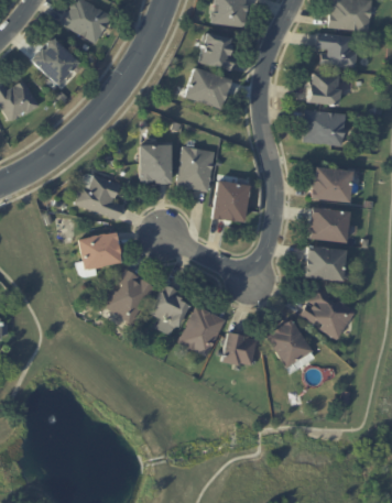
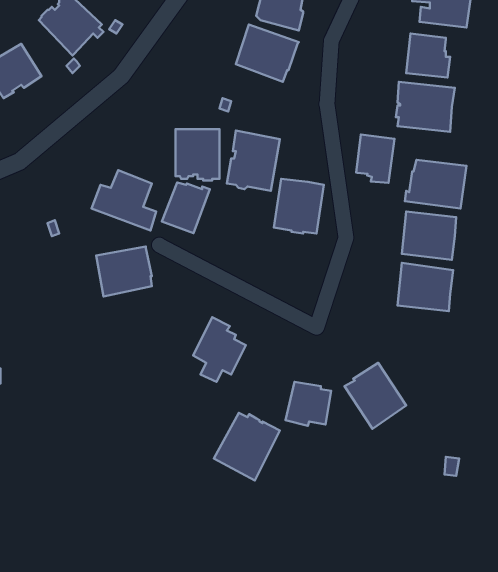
building: none -> [356,135,394,183]
building: none -> [162,182,210,233]
building: [102,269,154,324] -> none
building: [300,286,357,340] -> none
building: [177,307,227,358] -> [214,413,280,480]

